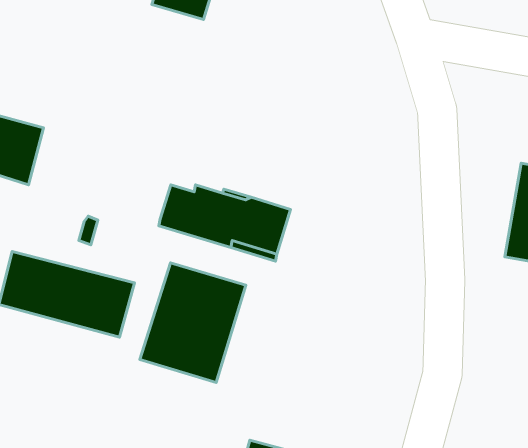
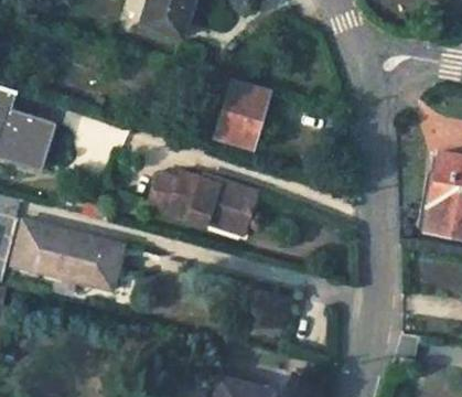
building: none -> [213,79,271,147]
building: [140,263,246,383] -> none

